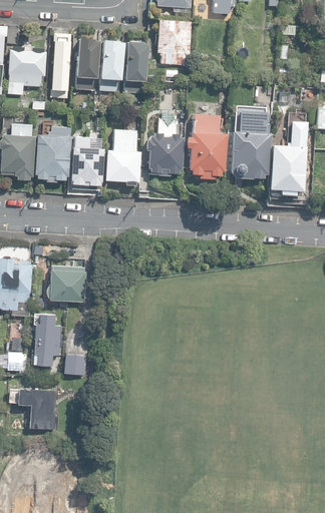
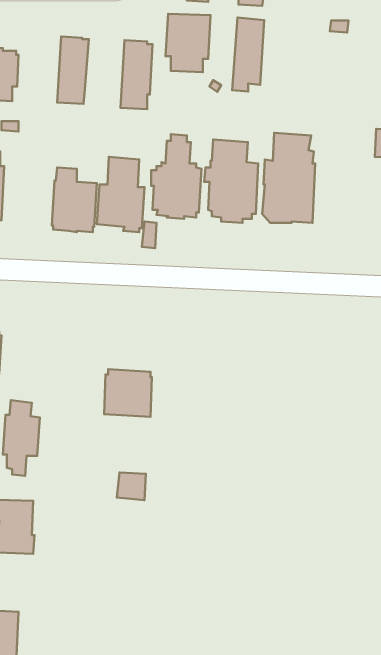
building: [50,33,72,98] -> none
building: [98,38,122,94] -> [232,17,264,92]
building: [270,120,308,193] -> none
building: [36,126,71,181] -> none
building: [49,265,85,301] -> [104,369,152,417]
building: [64,354,86,375] -> [117,472,146,500]

